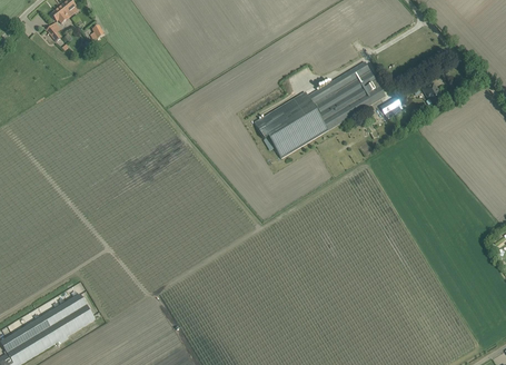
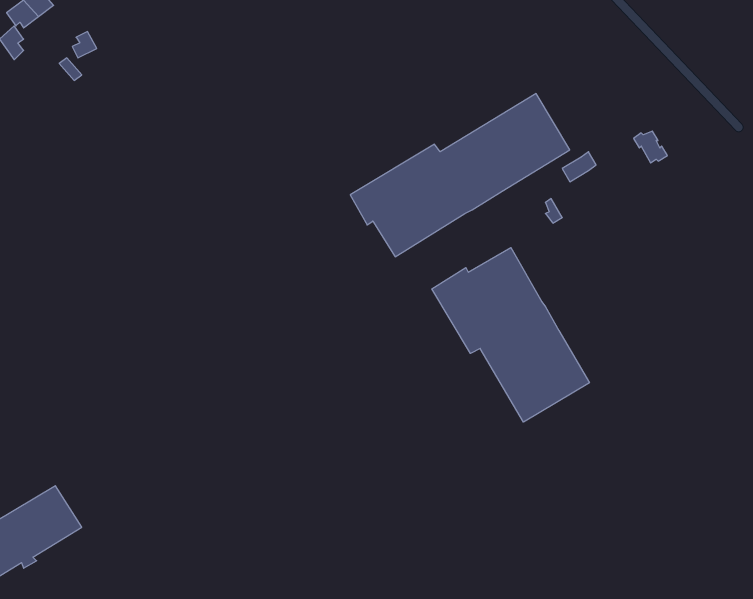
building: none -> [432,248,589,422]

